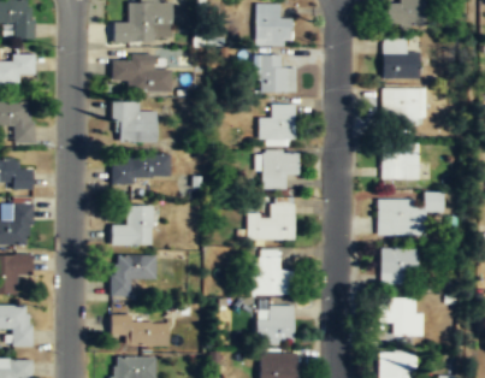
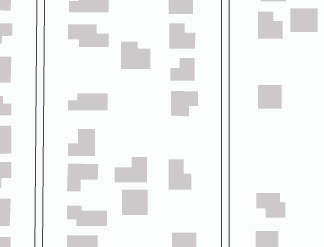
building: [383,89,424,125] -> [290,7,318,33]
building: [113,102,158,143] -> [120,41,151,70]
building: [377,191,444,236] -> none
building: [247,201,295,240] -> [114,156,148,183]
building: [380,248,419,282] -> none
building: [256,305,295,343] -> [121,189,148,216]

